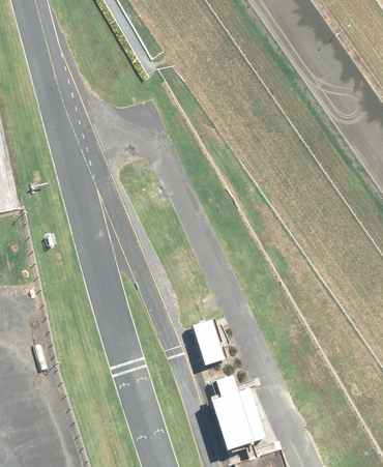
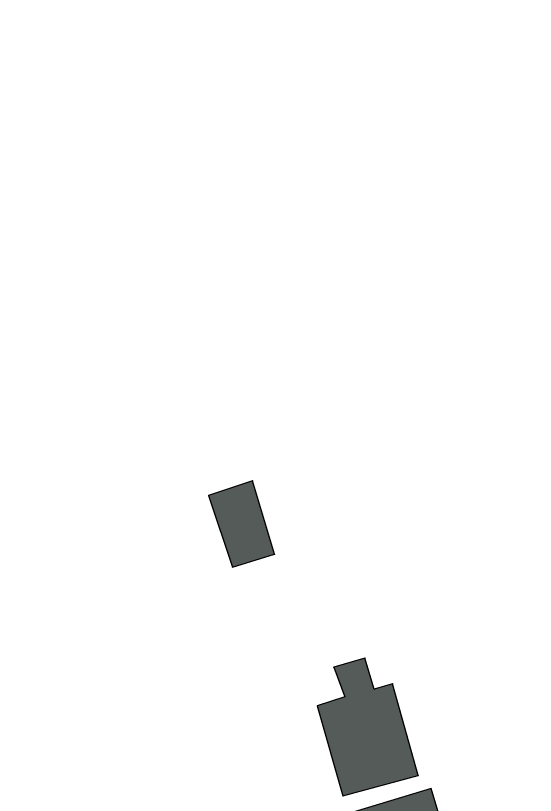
building: [188,318,226,367] -> [209,481,275,567]

